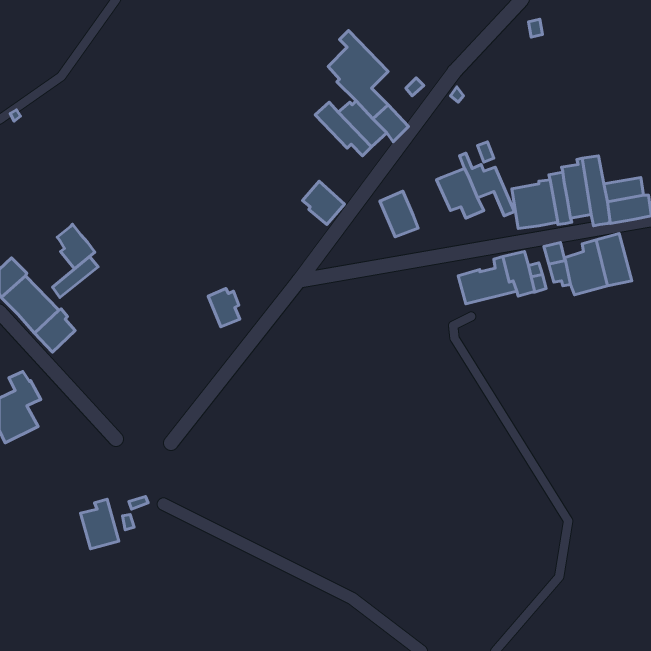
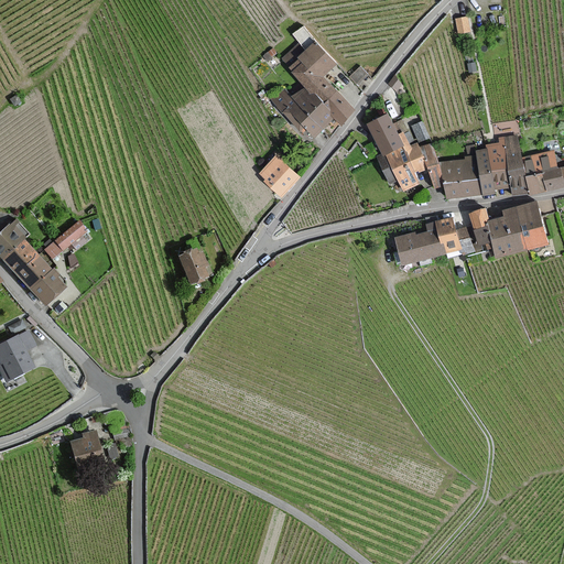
building: [380,191,418,237] -> [368,113,401,153]
building: [57,224,95,269] -> none

